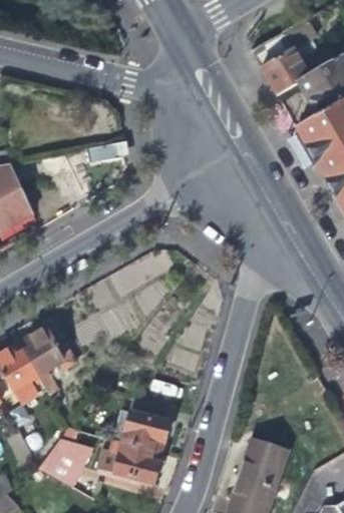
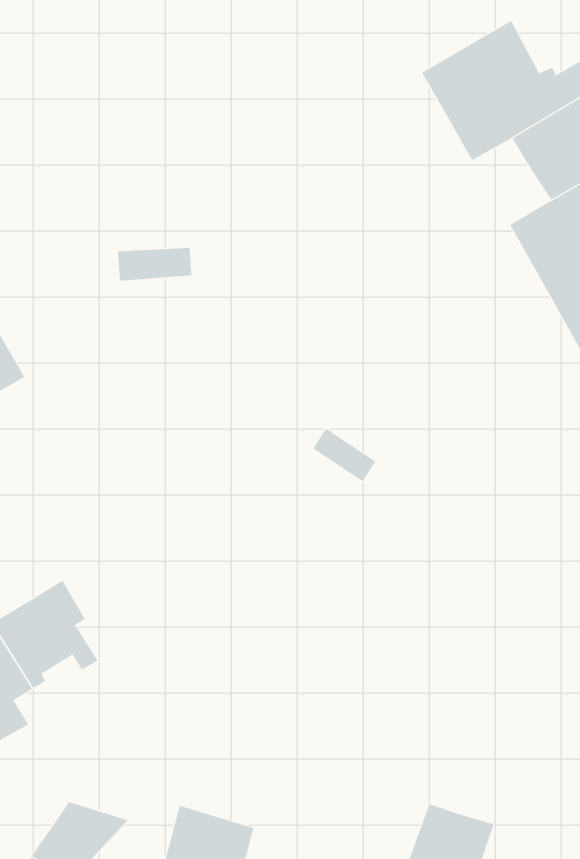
building: [120,395,173,452] -> none

